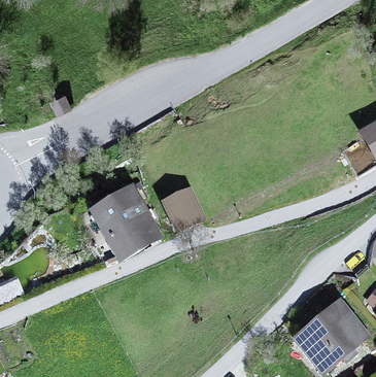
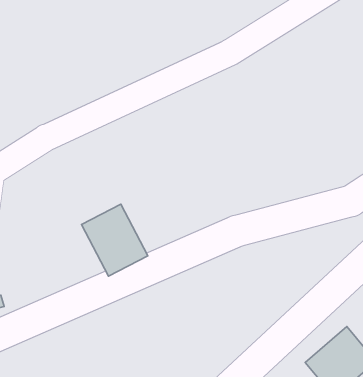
building: [168,190,205,229] -> none

